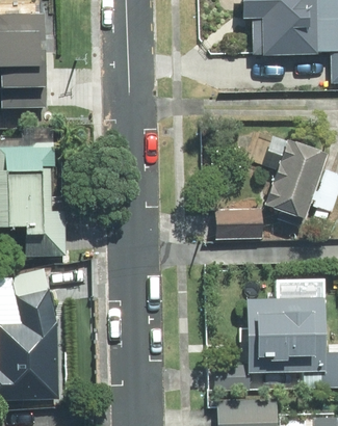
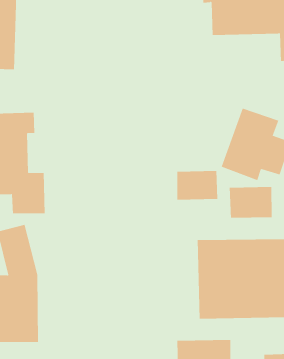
building: none -> [229,186,272,219]

